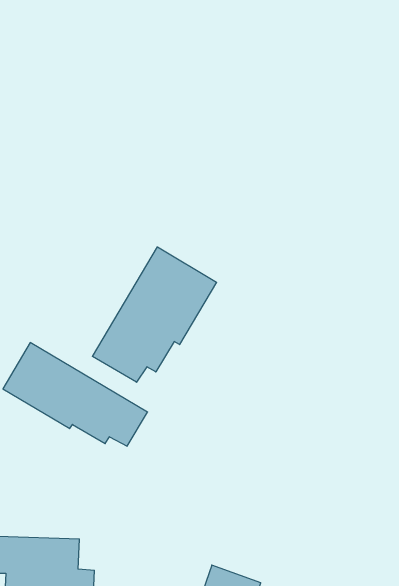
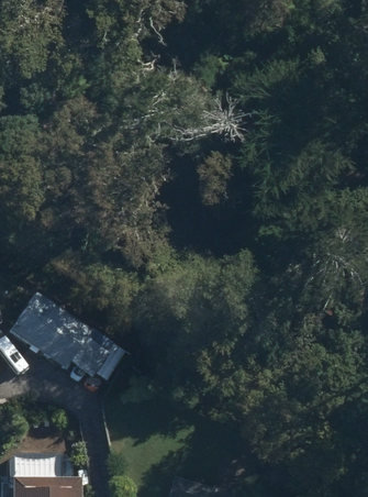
building: [92,247,217,382] -> none

